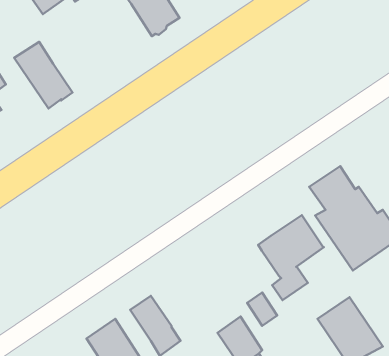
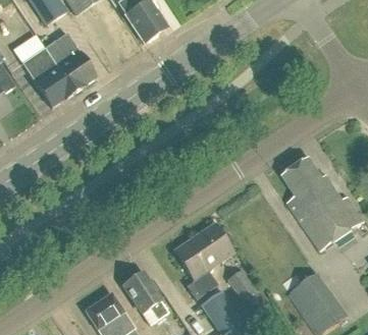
building: none -> [43,33,95,93]
building: [258,215,324,300] -> [174,224,232,299]

